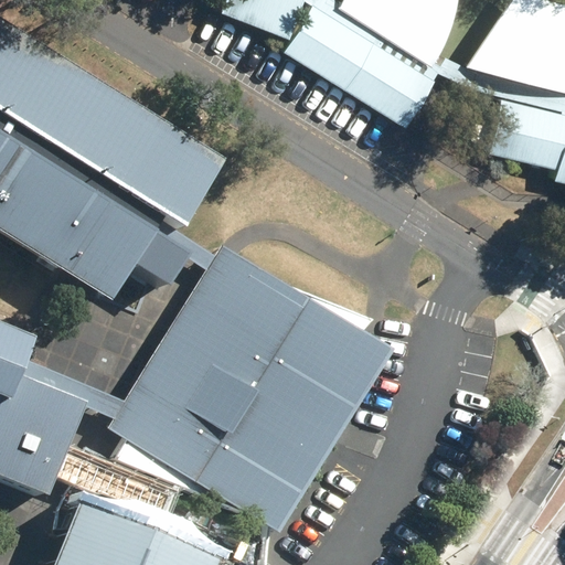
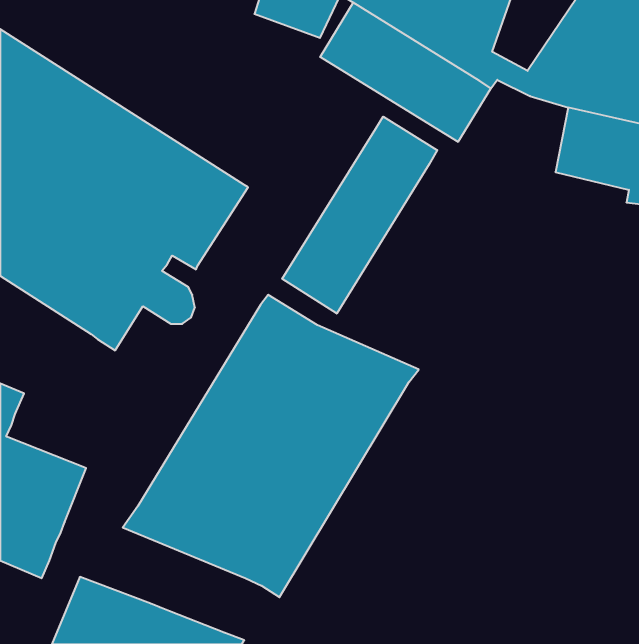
building: none -> [282,117,437,314]
building: [12,223,241,441] -> none
building: [250,333,392,536] -> none

